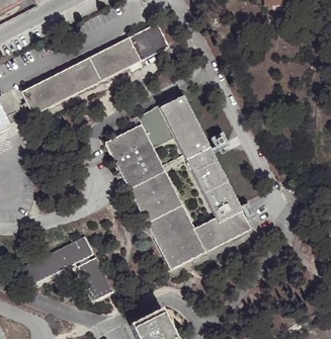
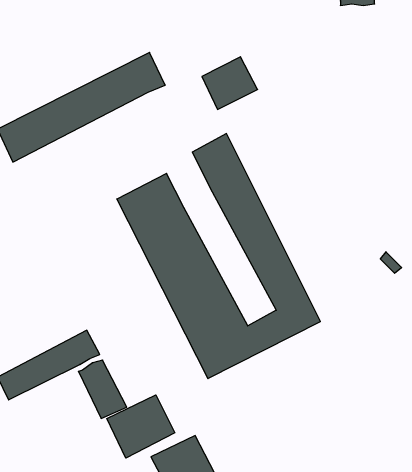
building: [129,23,168,61] -> [202,57,258,109]
building: [137,105,173,148] -> none
building: none -> [107,395,175,458]

